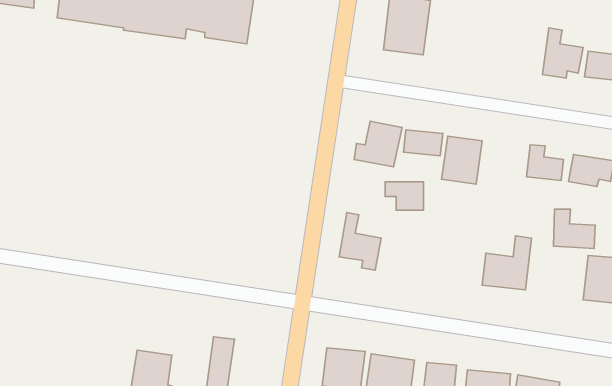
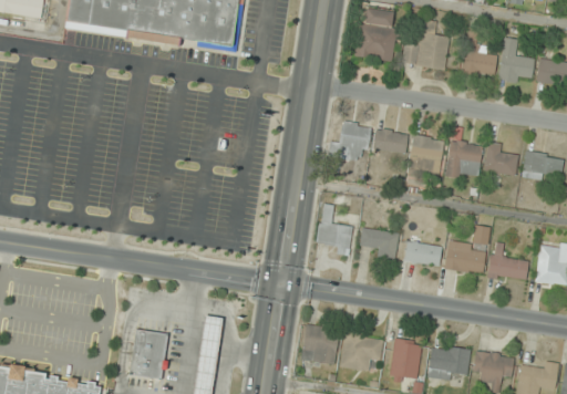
building: none -> [401,20,450,70]
building: none -> [460,28,497,79]
building: none -> [446,141,482,179]
building: [385,182,423,210] -> [362,231,396,257]
building: [553,209,595,248] -> [489,243,527,279]
building: none -> [405,243,441,265]

